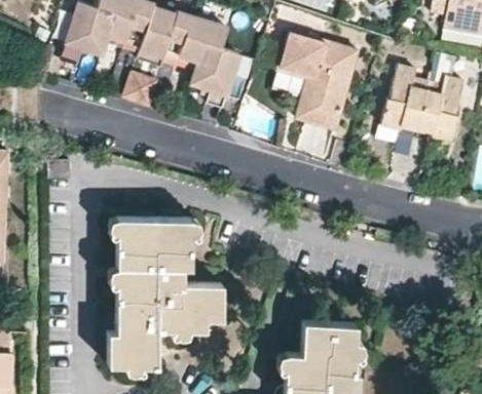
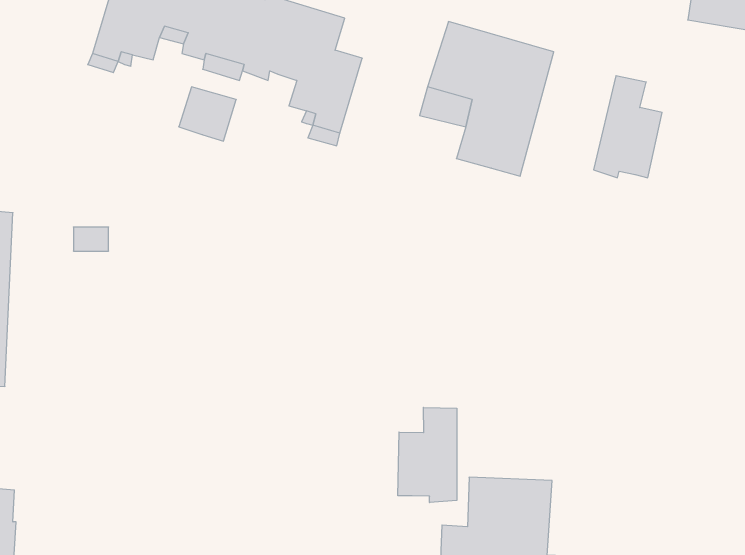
building: [418,74,465,141] -> none
building: [109,218,222,364] -> none
building: none -> [398,407,457,503]

